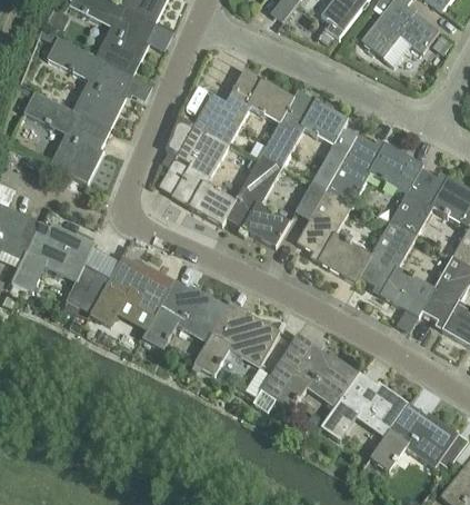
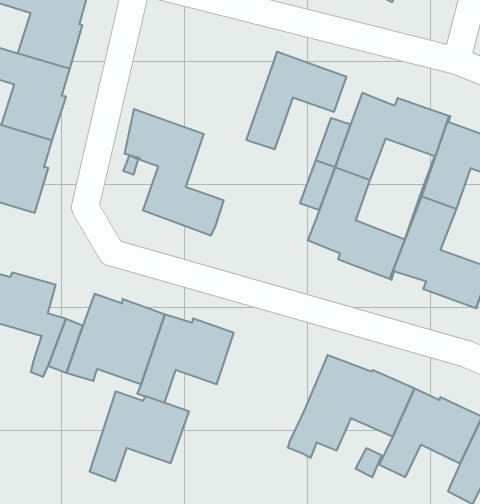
building: [193,68,293,145] -> none
building: [226,155,289,247] -> none
building: [194,304,280,374] -> [89,391,189,481]

